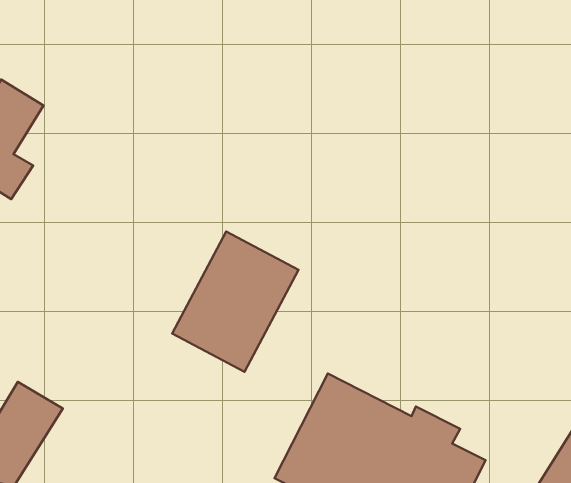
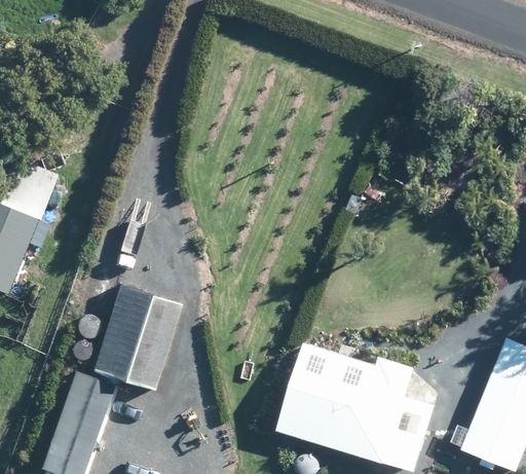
building: [172,232,299,372] -> [91,286,180,391]

